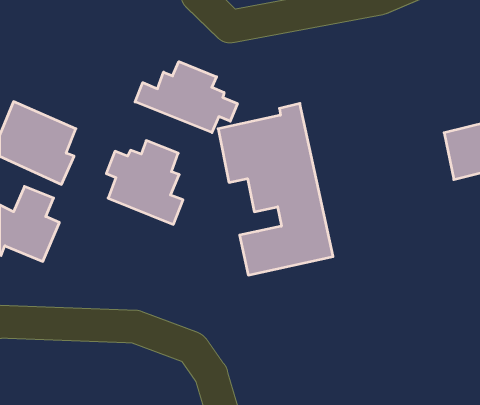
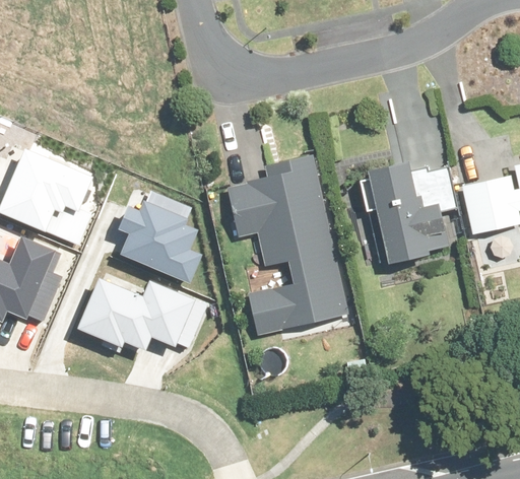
building: [135,62,237,133] -> none
building: none -> [359,161,456,263]
building: none -> [71,278,202,351]

